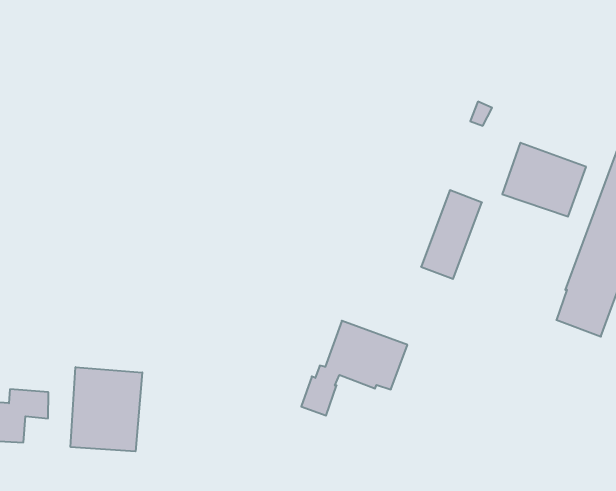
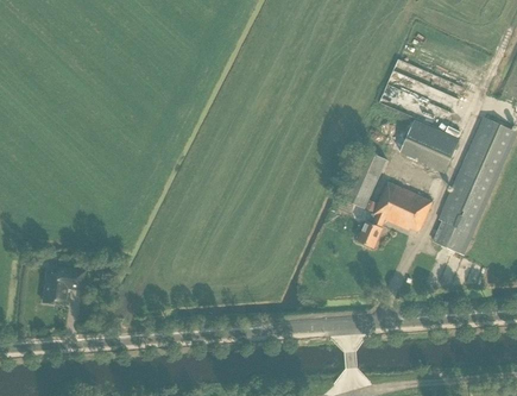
building: [301,321,407,416] -> [358,183,433,247]
building: [71,367,142,451] -> none

